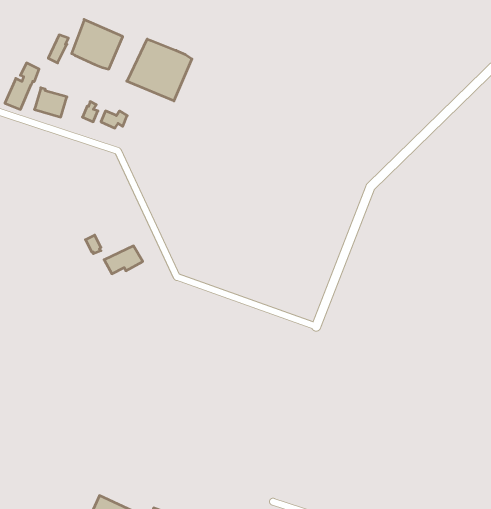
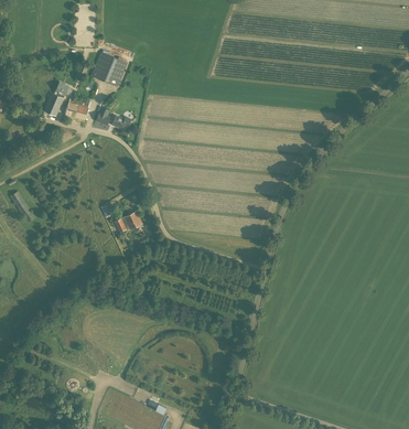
building: [127,39,192,101] -> none

